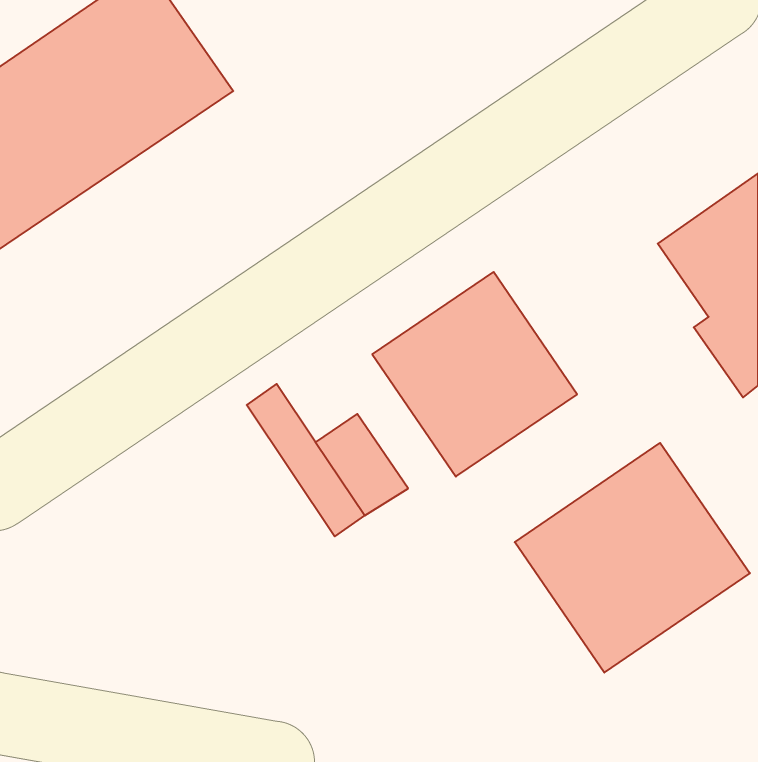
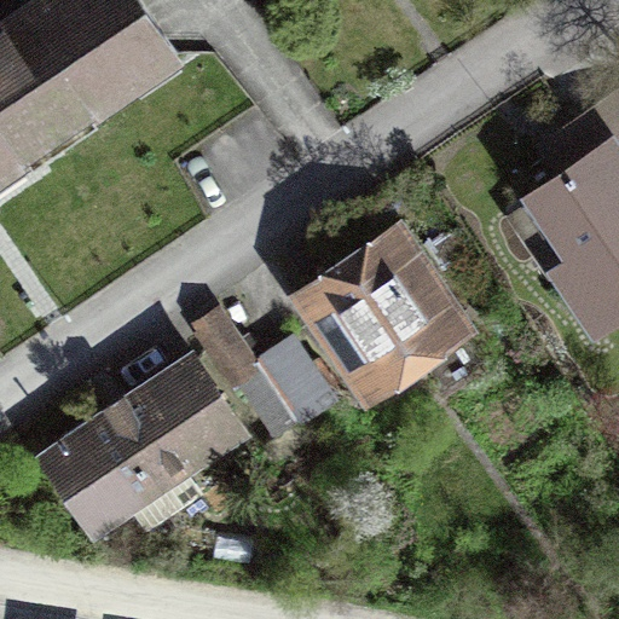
building: [515,443,750,673] -> none
building: none -> [35,359,232,527]

